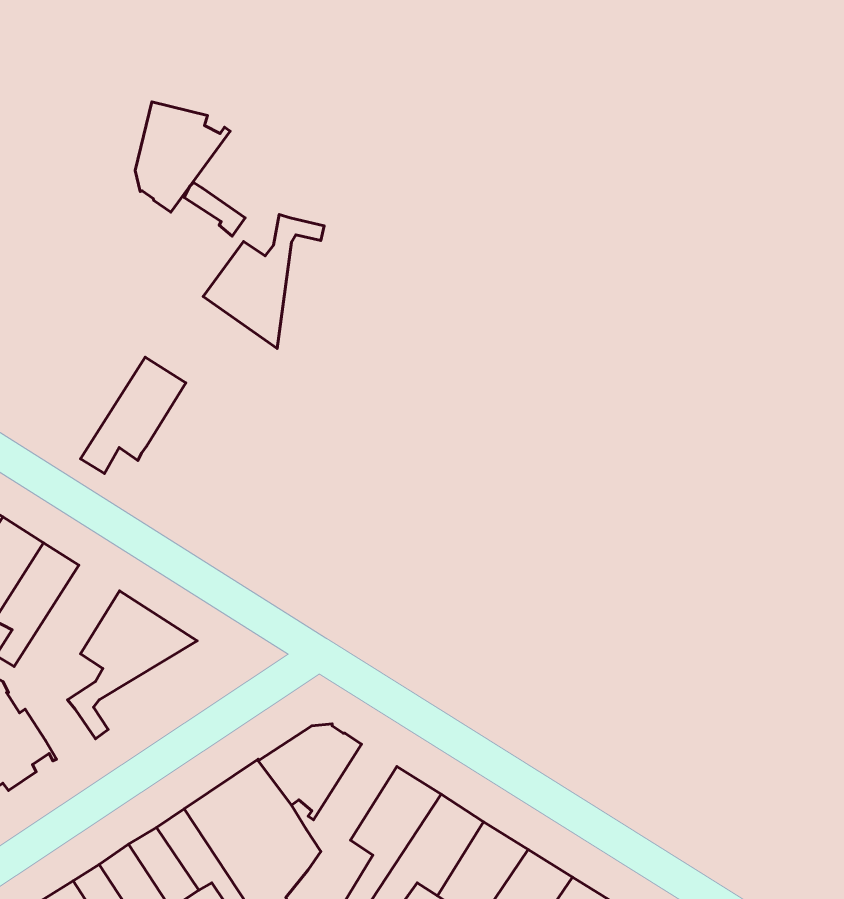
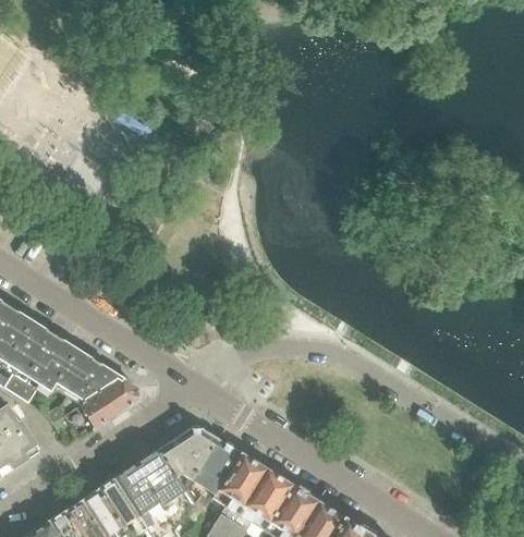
building: [135,102,230,212] -> none
building: [203,214,324,348] -> none
building: [80,357,186,474] -> [15,334,77,403]
building: none -> [65,379,139,437]
building: none -> [188,440,241,523]

